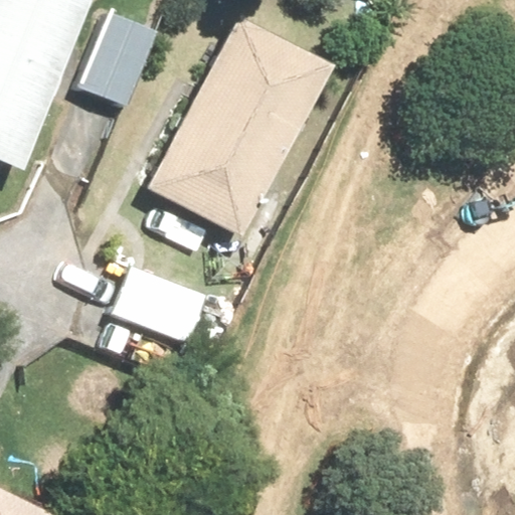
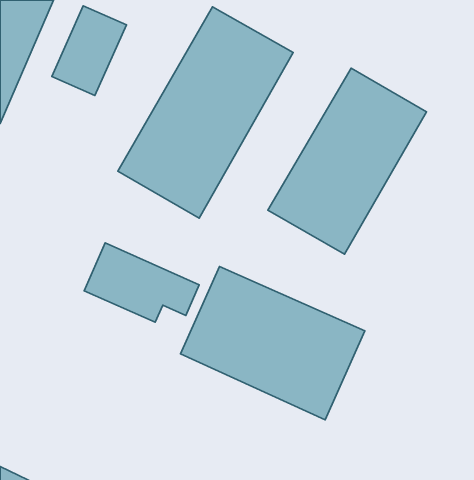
building: none -> [268,68,427,254]
building: none -> [180,266,365,420]

